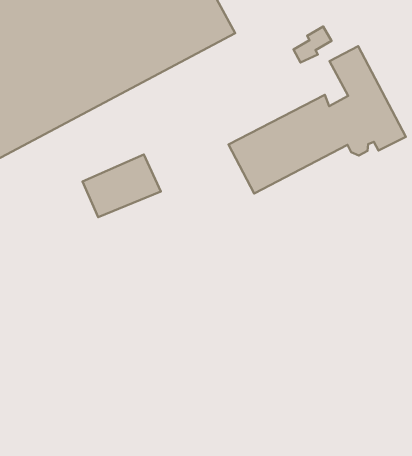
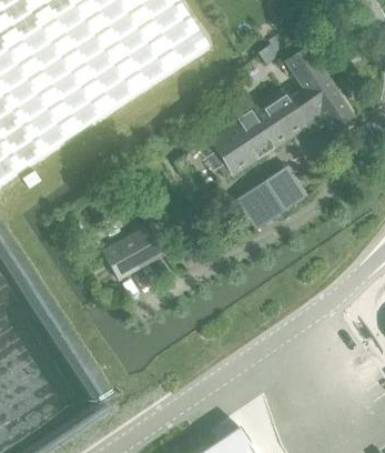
building: [82,154,161,217] -> [109,228,173,282]
building: none -> [237,168,306,230]

